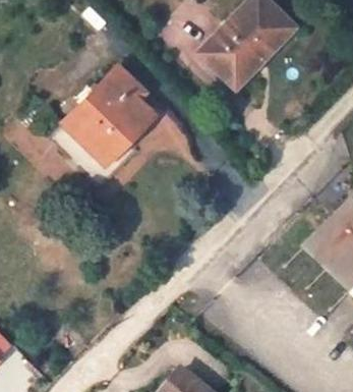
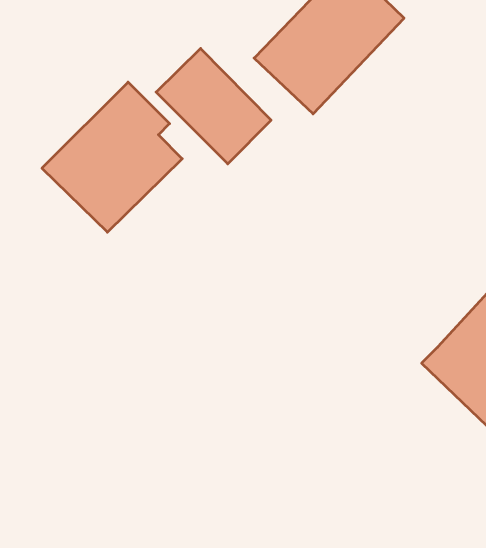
building: none -> [156,48,271,164]

